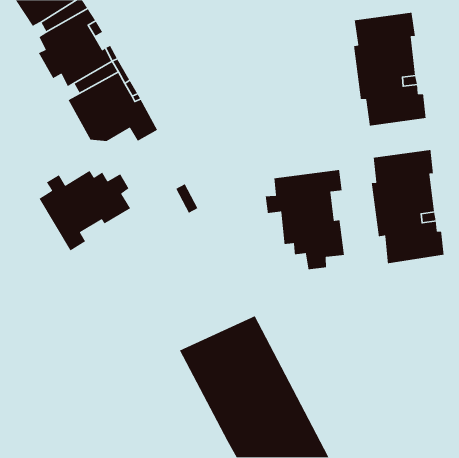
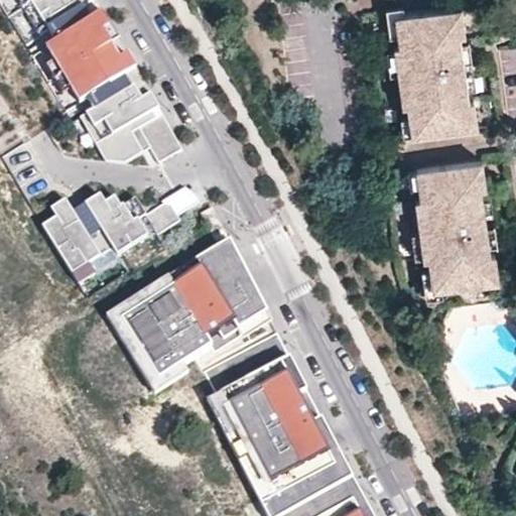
building: none -> [147,185,197,232]
building: [265,169,345,270] -> none
building: none -> [103,237,267,390]

